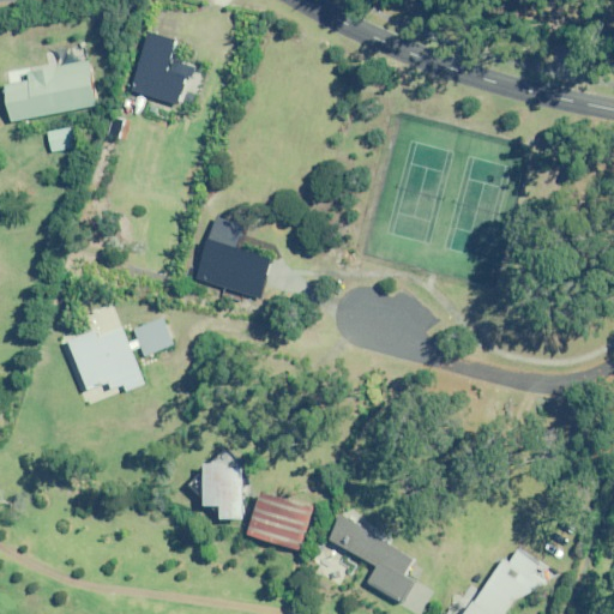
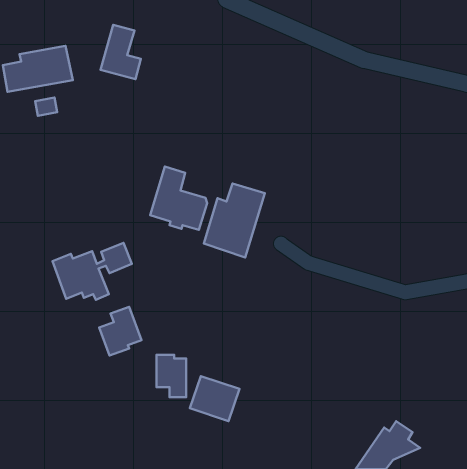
building: none -> [204,183,265,257]
building: none -> [99,307,141,356]
building: [327,517,410,601] -> none

